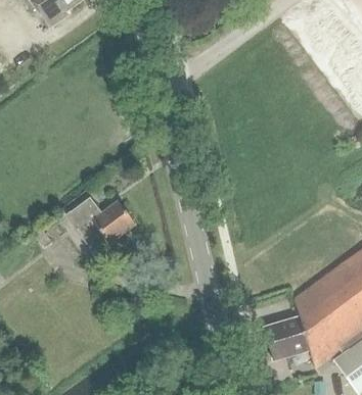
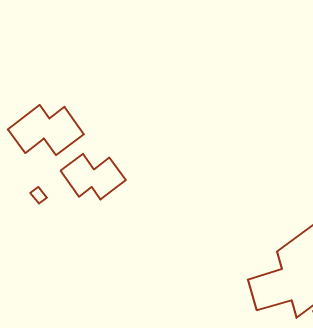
building: none -> [8,105,84,155]

